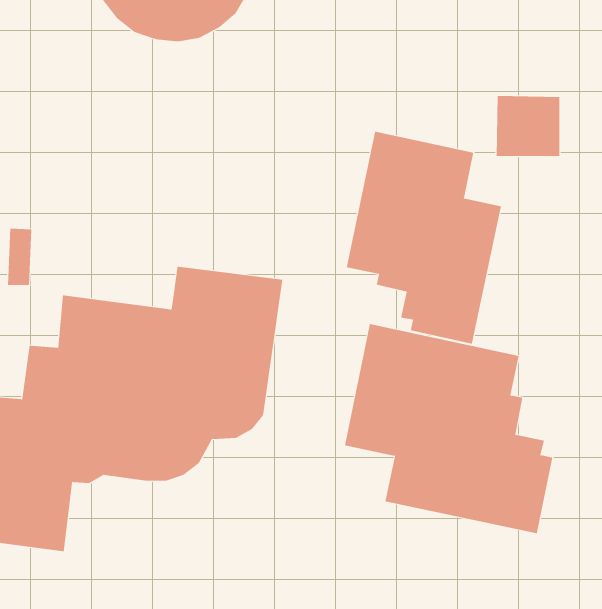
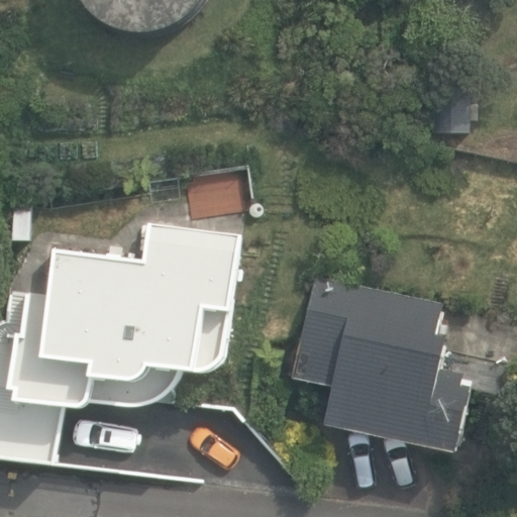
building: [346,131,502,345] -> none

